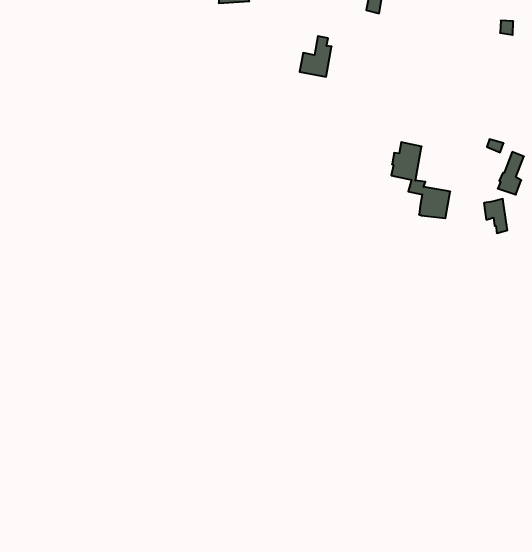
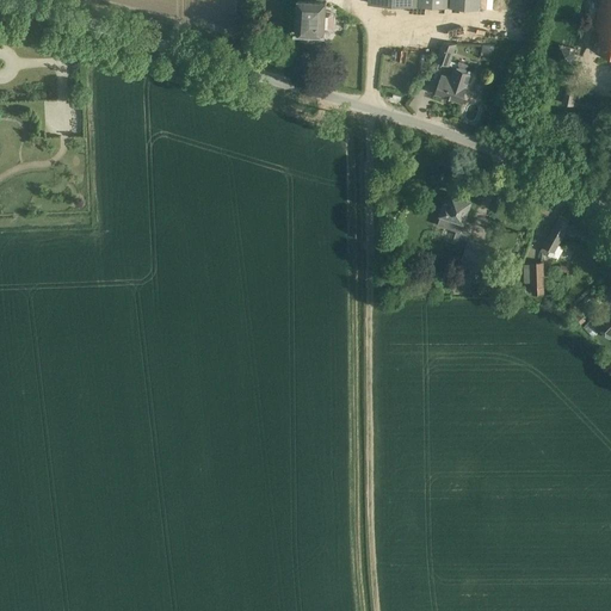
building: [300,36,332,77] -> [437,62,471,103]

